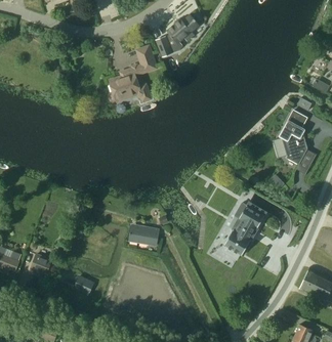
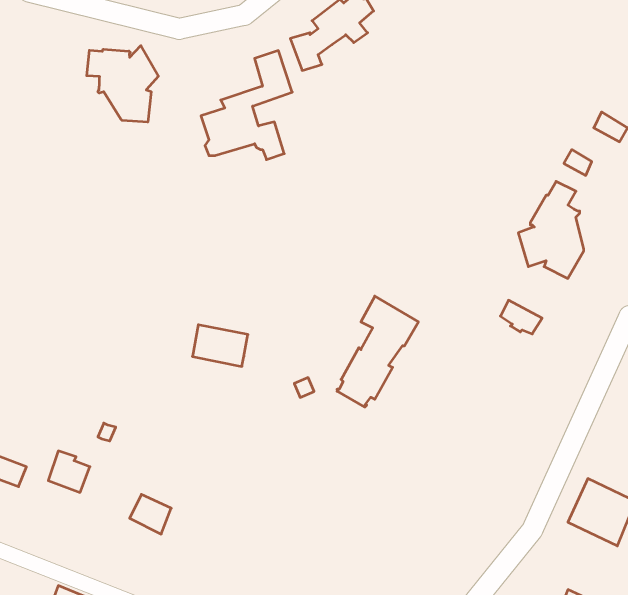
building: none -> [87,46,158,122]
building: [222,203,264,260] -> [337,296,418,407]
building: [130,224,159,246] -> [192,325,248,366]

